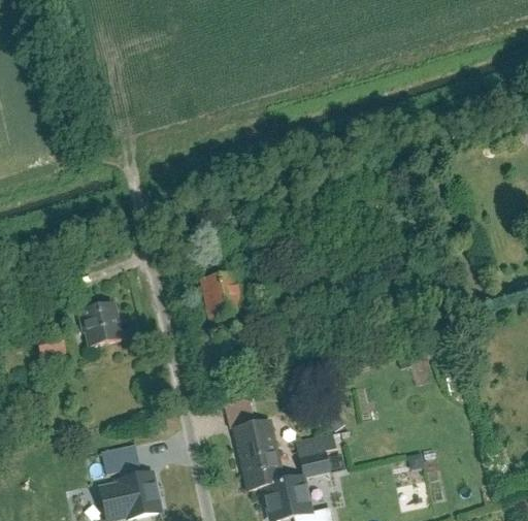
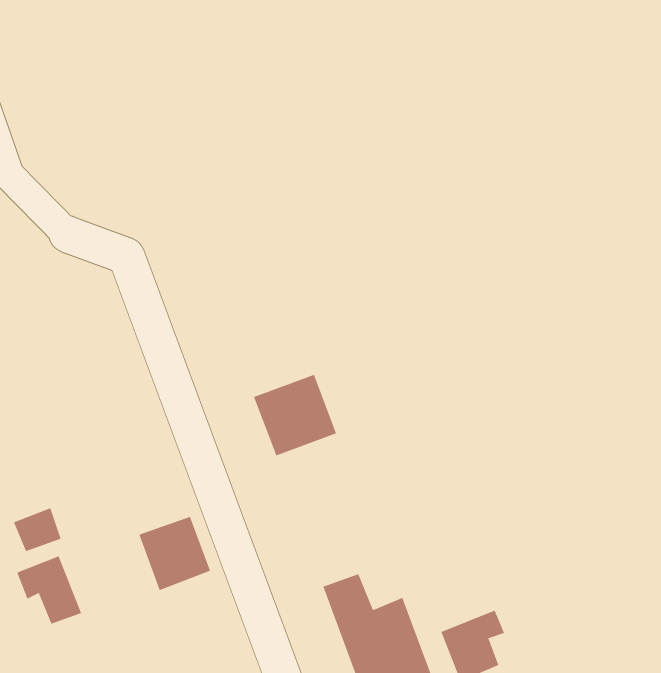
building: [80,300,123,345] -> [139,516,211,591]
building: none -> [16,555,82,625]

